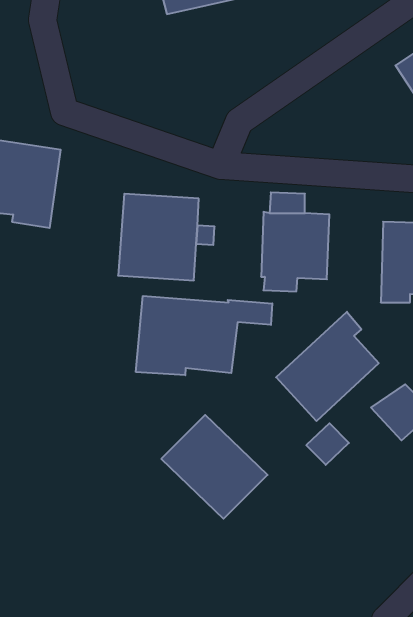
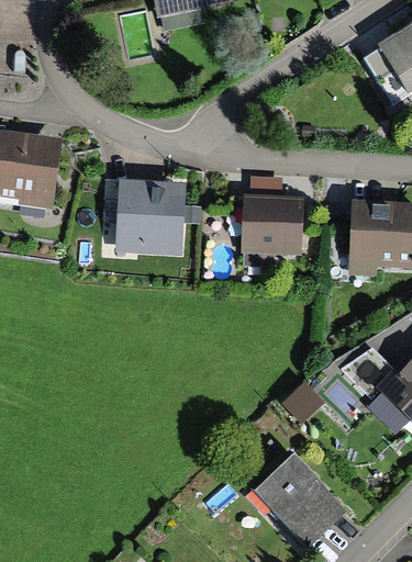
building: [136,296,272,375] -> none
building: [276,312,379,421] -> none
building: [161,415,268,519] -> [253,453,348,547]

